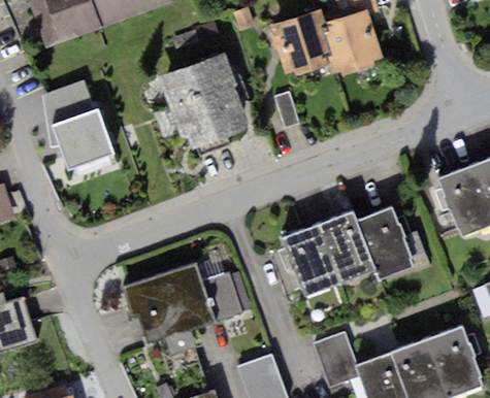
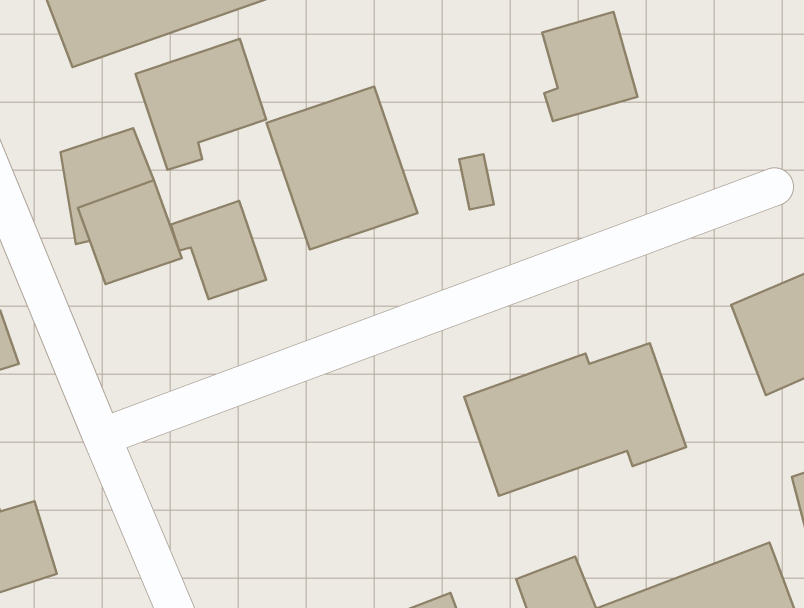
building: [269,13,328,74] -> none
building: none -> [136,39,266,170]
building: none -> [171,201,266,299]
building: [126,265,248,344] -> none

